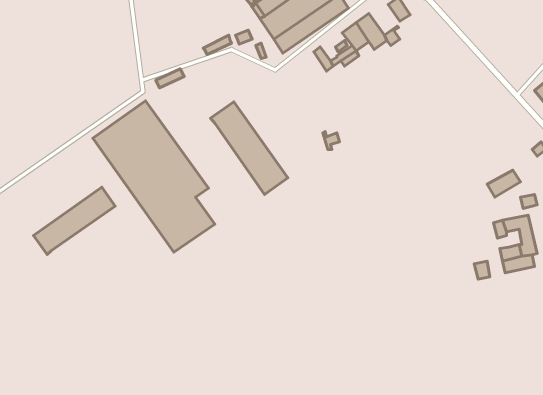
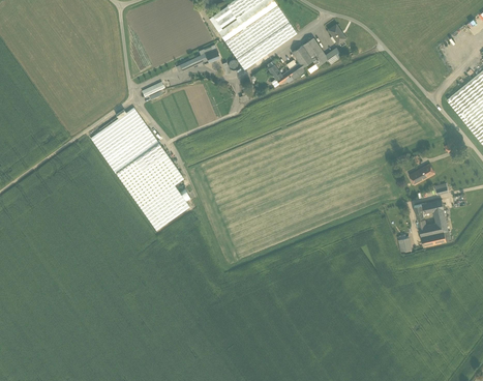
building: [210,102,288,194] -> none
building: [34,187,115,255] -> none

